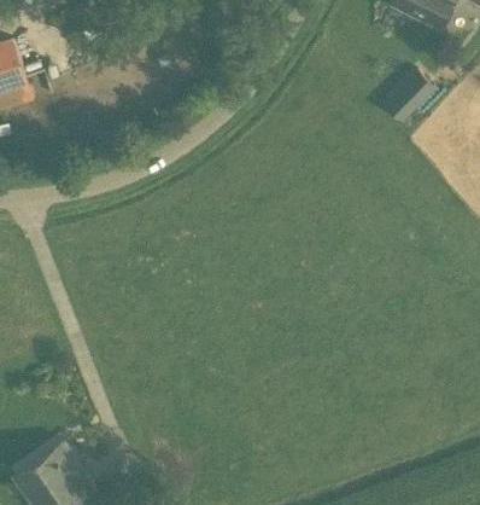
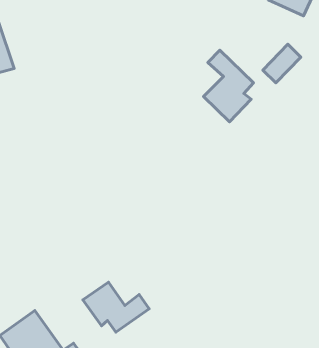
building: none -> [204,50,253,122]
building: none -> [83,282,149,332]

